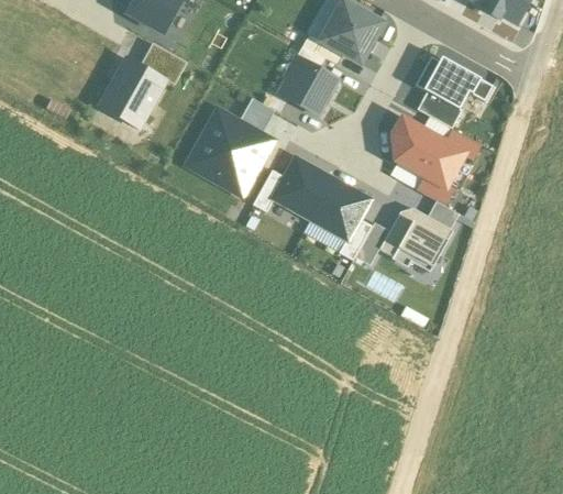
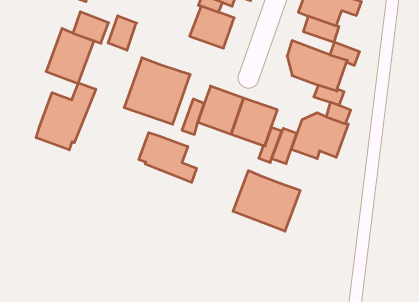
building: none -> [108,16,137,50]
building: [239,98,275,134] -> none
building: none -> [36,83,96,150]
building: none -> [139,133,197,182]
building: none -> [233,171,300,231]

